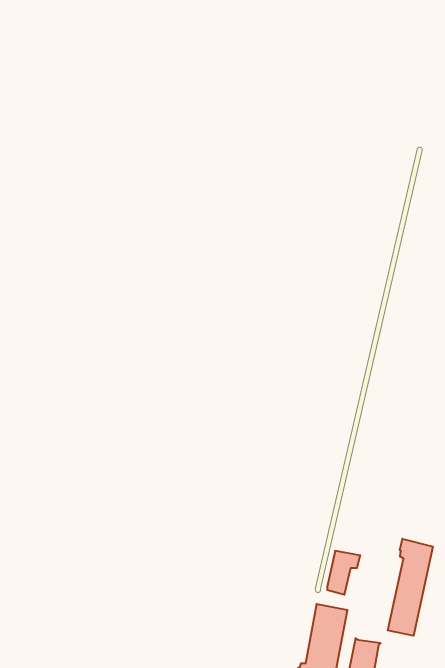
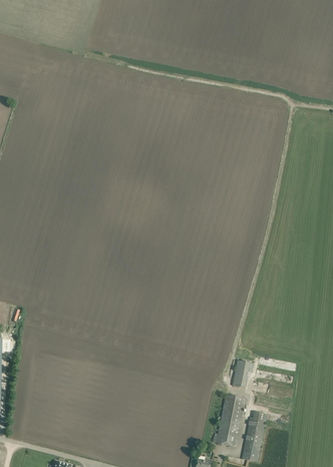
building: [388,539,433,636] -> none

